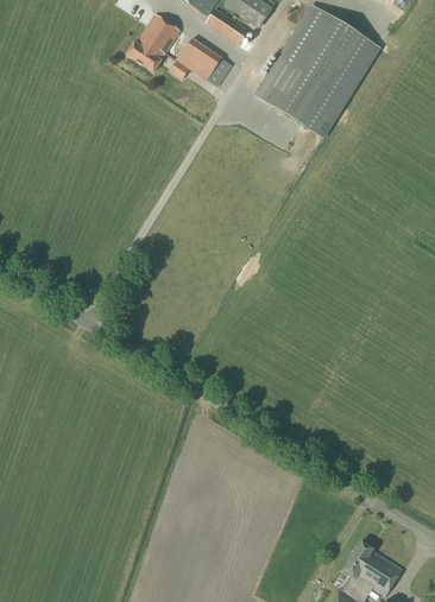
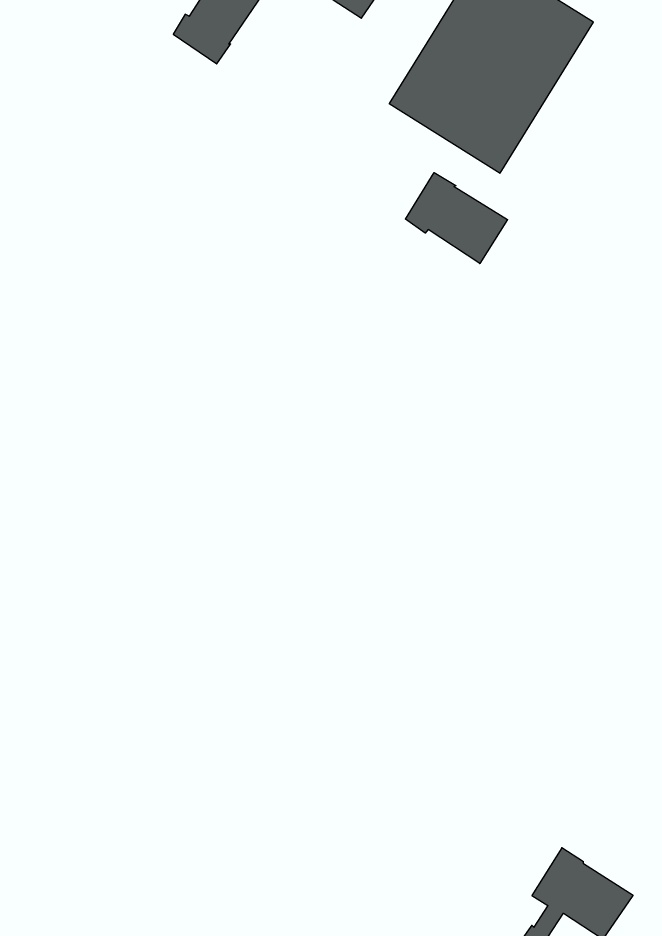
building: [178,38,232,85] -> none
building: none -> [405,173,508,264]

